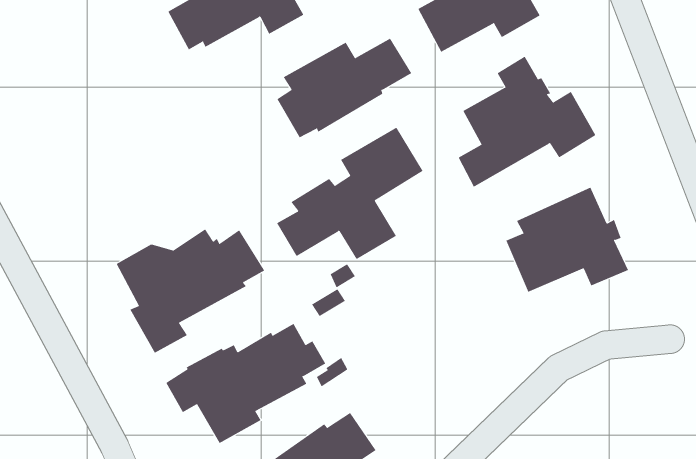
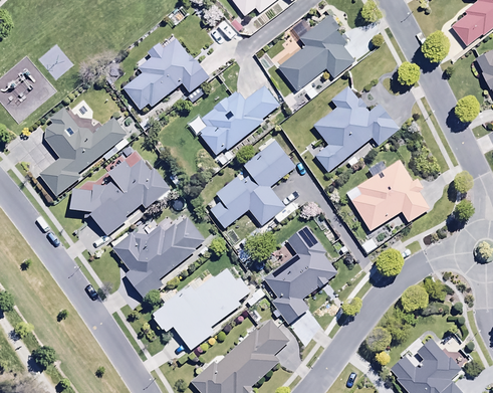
building: none -> [39,109,129,196]
building: none -> [71,160,170,235]
building: none -> [263,227,337,324]

